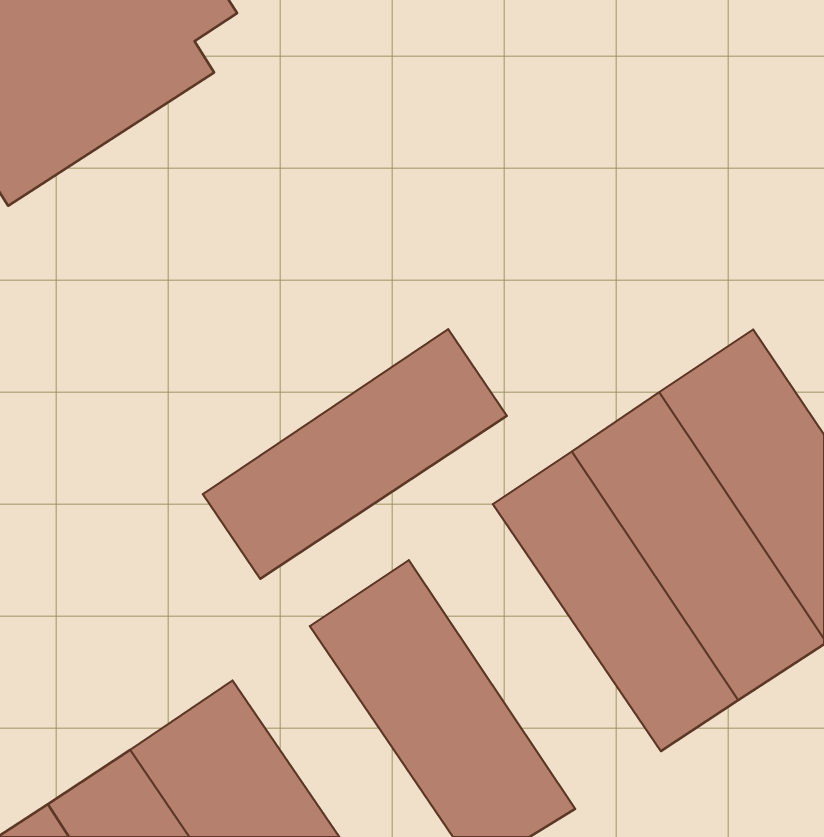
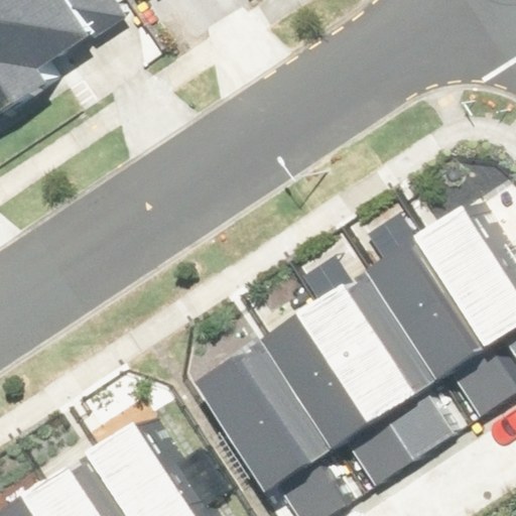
building: [203,329,507,579] -> none
building: none -> [250,308,404,495]

